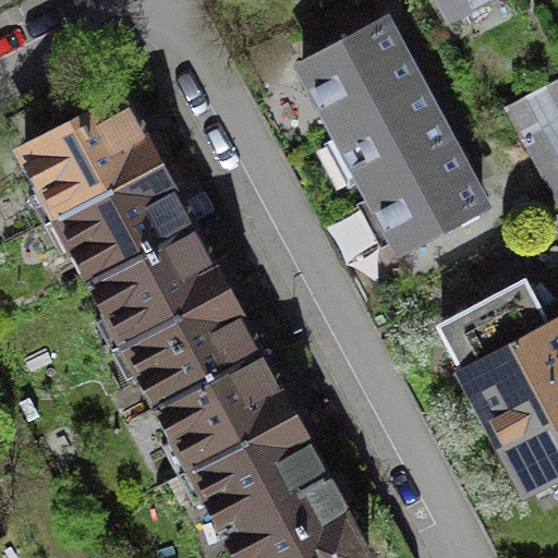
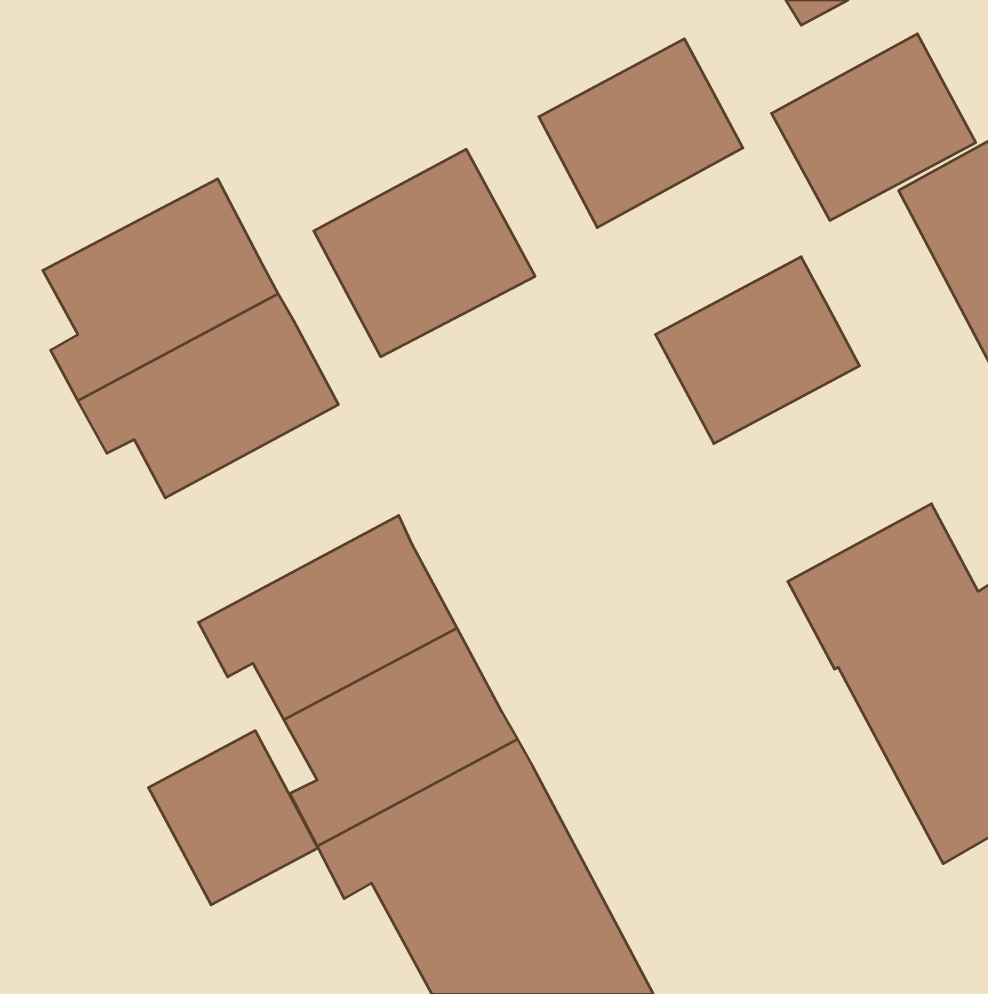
building: [338,83,452,187] -> [771,34,976,220]
building: none -> [314,149,535,357]
building: [96,227,227,349] -> none
building: none -> [148,731,318,905]

